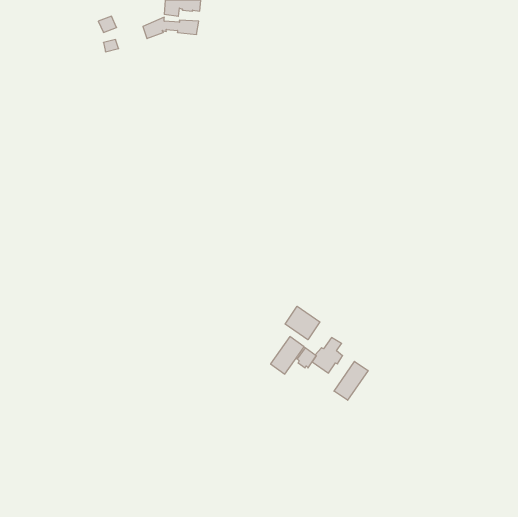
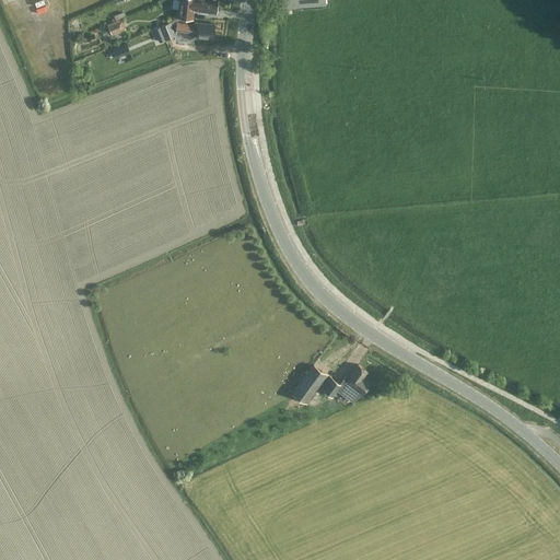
building: [285,306,320,340] -> none
building: [334,361,368,400] -> none

